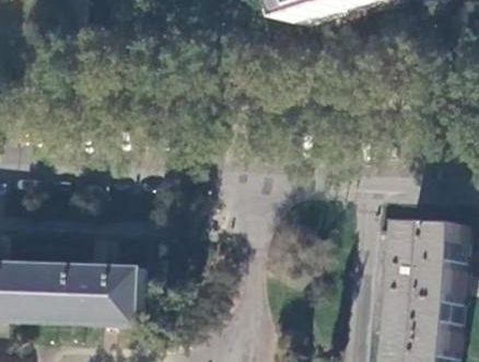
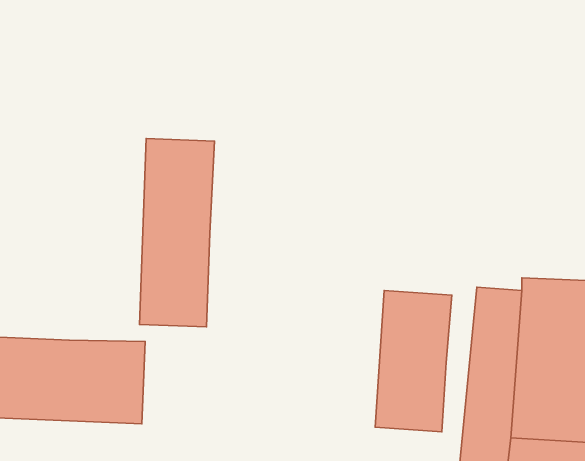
building: none -> [140,139,215,327]
building: none -> [375,290,452,432]

